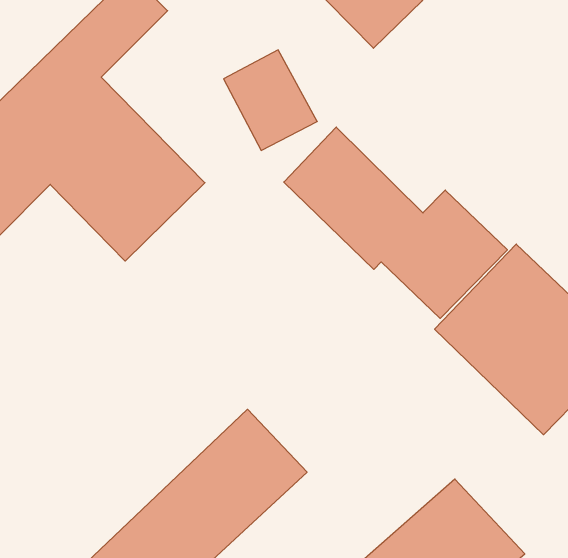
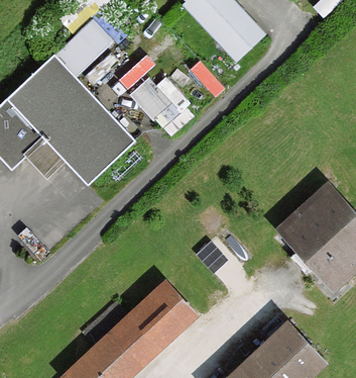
building: [284,127,507,318] -> none

